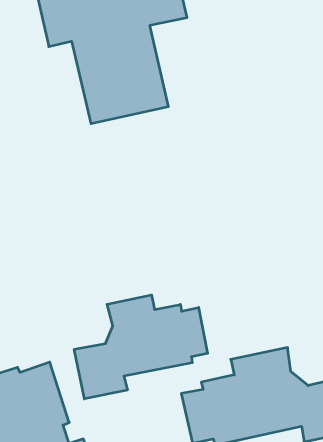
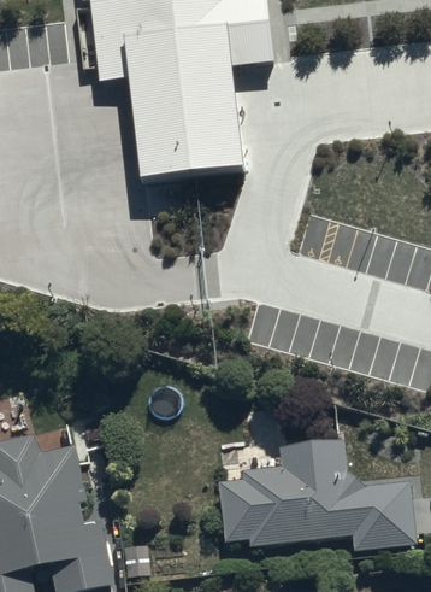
building: [74,295,208,399] -> none

